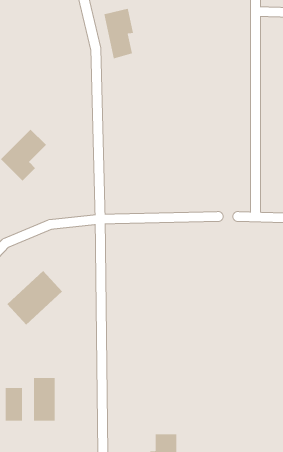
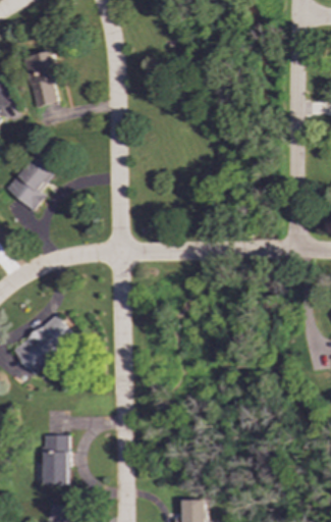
building: [103,8,134,59] -> [23,49,58,107]
building: [5,387,22,421] -> none

